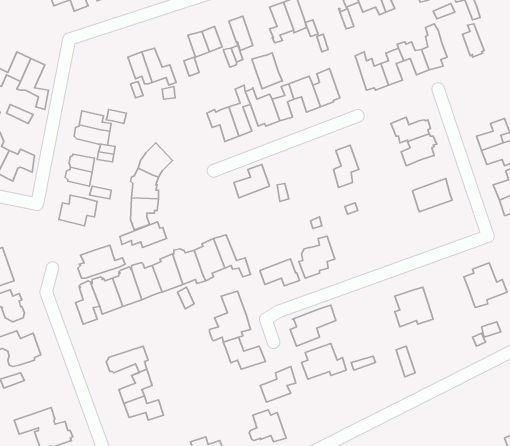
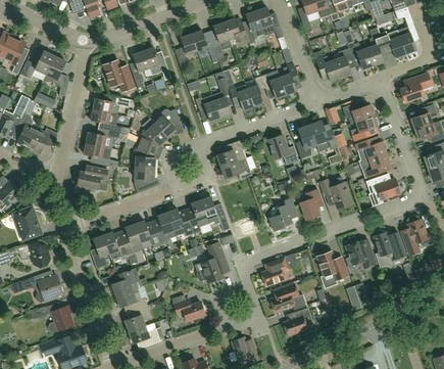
building: none -> [380,30,405,58]
building: [252,53,282,89] -> [224,16,248,45]
building: none -> [103,59,135,91]
building: none -> [400,73,432,101]
building: none -> [154,108,180,137]
building: none -> [309,120,337,151]
building: none -> [267,134,298,165]
building: none -> [355,135,387,160]
building: none -> [365,176,400,199]
building: none -> [320,179,351,209]
building: [120,222,166,247] -> none
building: none -> [300,189,323,220]
building: [78,245,125,278] -> [110,268,148,294]
building: [260,259,299,286] -> [220,157,252,179]
building: none -> [373,229,406,267]
building: none -> [316,250,348,280]
building: [223,337,265,369] -> [171,294,205,320]
building: [260,366,296,402] -> [283,307,311,335]
building: none -> [48,305,73,331]

